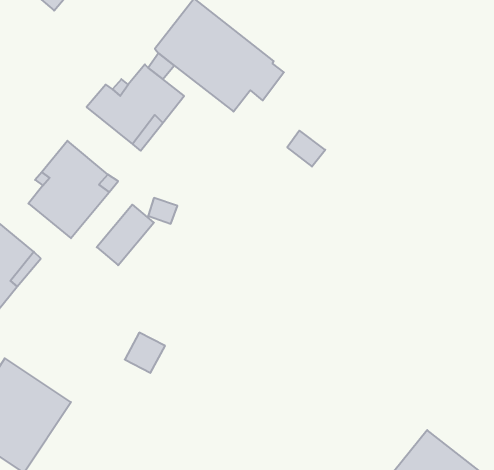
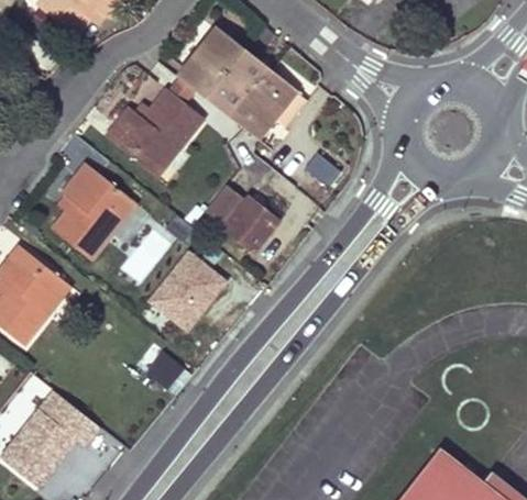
building: none -> [198,182,275,252]
building: none -> [152,253,227,330]

